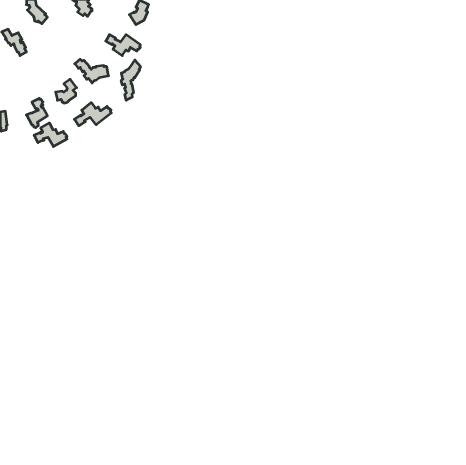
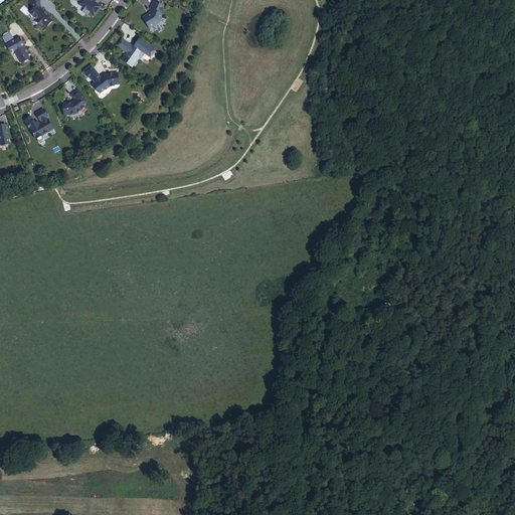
building: [121,60,140,100] -> none
building: [74,103,111,126] -> none
building: [34,123,67,147] -> none

